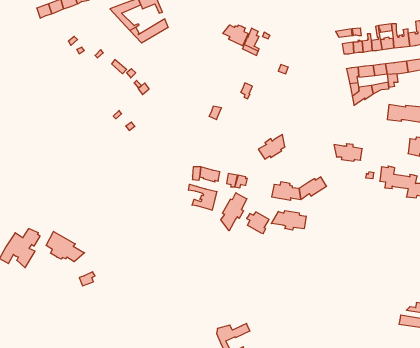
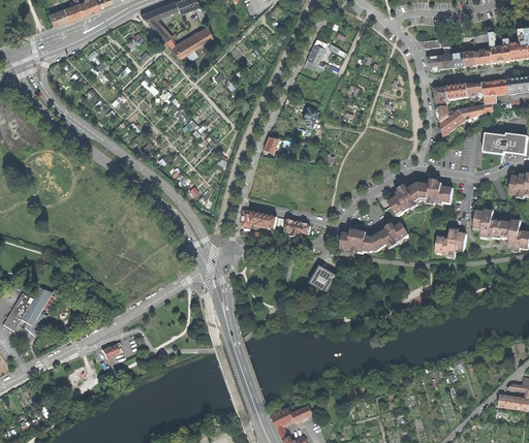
building: [223,25,248,46] -> none
building: [258,134,285,159] -> [387,183,421,214]
building: none -> [435,229,466,256]
building: [189,184,217,210] -> none
building: [221,193,247,231] -> none
building: [271,211,306,230] -> none
building: [46,231,85,262] -> none

